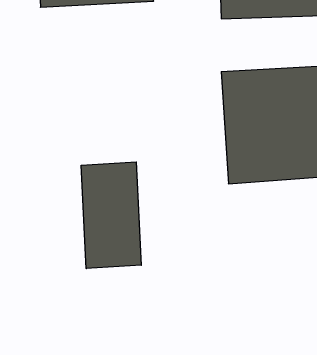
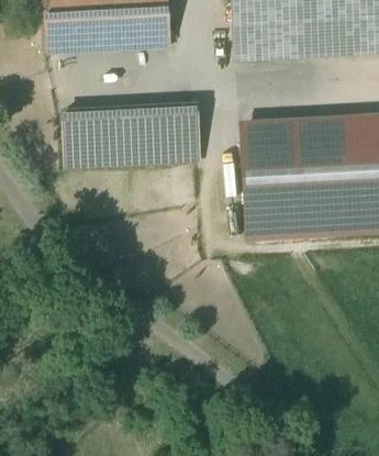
building: none -> [62,105,200,167]
building: [81,162,141,269] -> none

